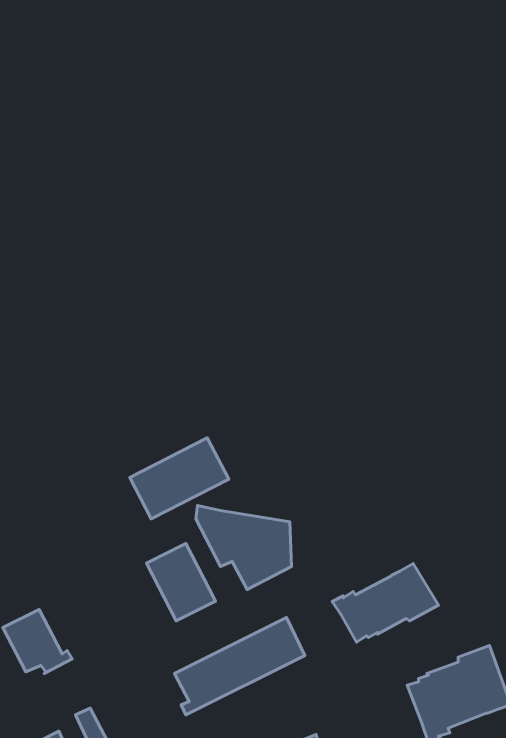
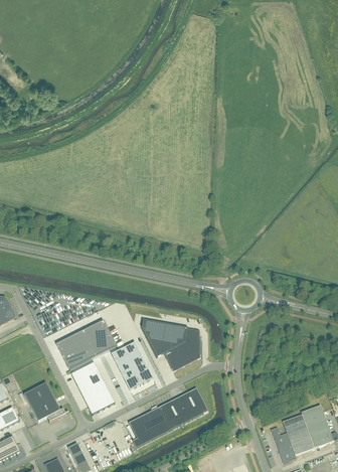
building: [130,438,229,519] -> [55,320,116,369]
building: [332,564,438,642] -> none
building: none -> [70,362,115,415]

